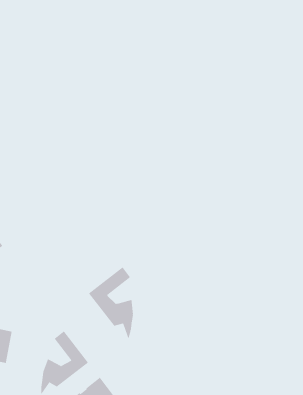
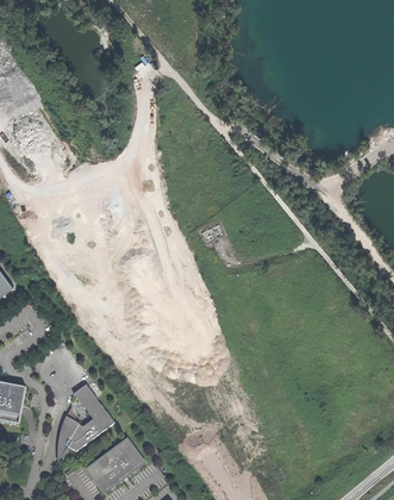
building: [88,267,133,340] -> none

